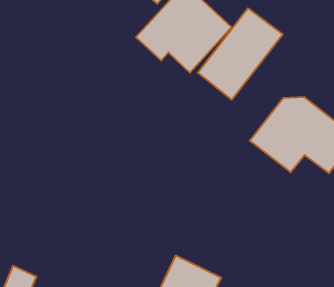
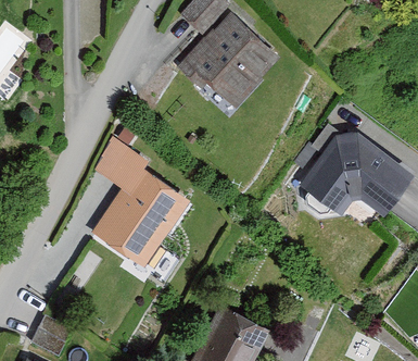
building: [198,8,283,100] -> none
building: none -> [92,140,191,269]

